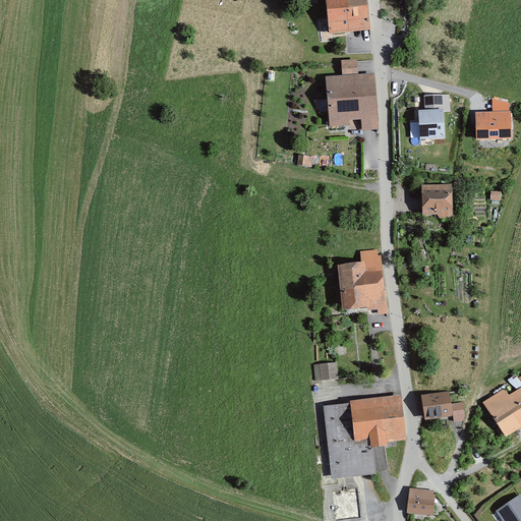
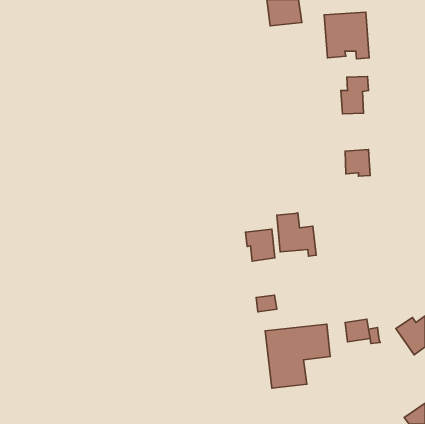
building: [324,72,379,129] -> [324,12,369,59]
building: [476,111,512,138] -> none
building: [360,249,383,279] -> none
building: none -> [246,229,275,261]
building: [408,488,435,514] -> none

